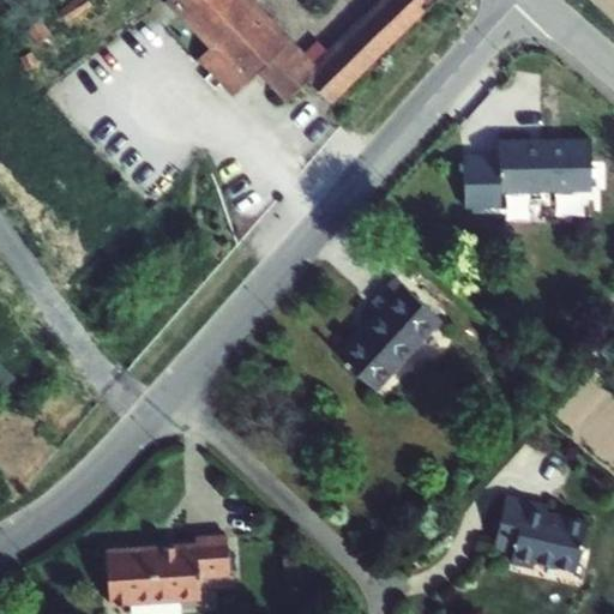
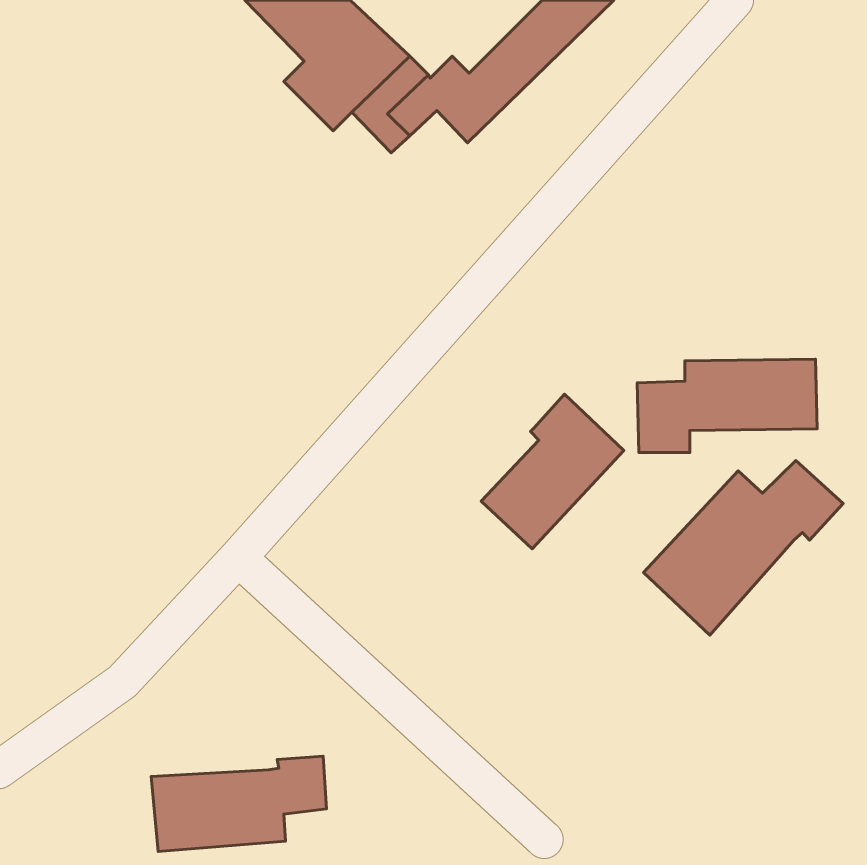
building: [464,142,591,207] -> [637,359,817,453]
building: none -> [644,461,843,635]
building: [493,498,588,576] -> none

